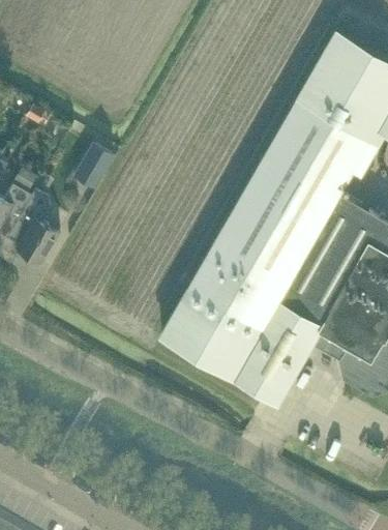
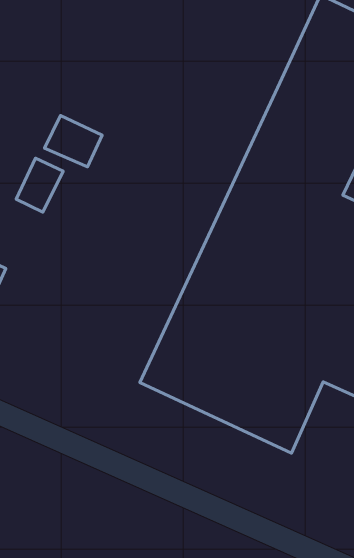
building: none -> [45,115,102,167]

